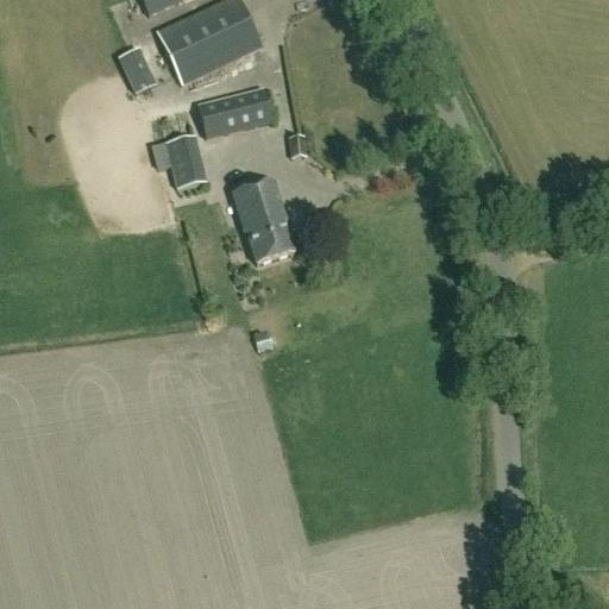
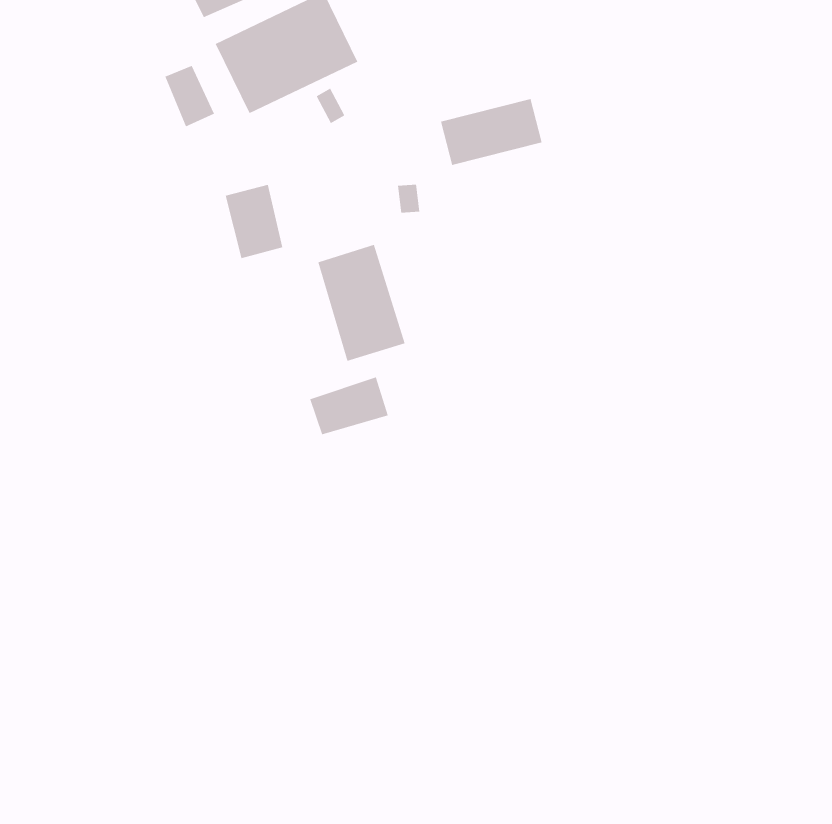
building: [199,88,274,137] -> [440,99,543,165]
building: none -> [310,377,388,435]

